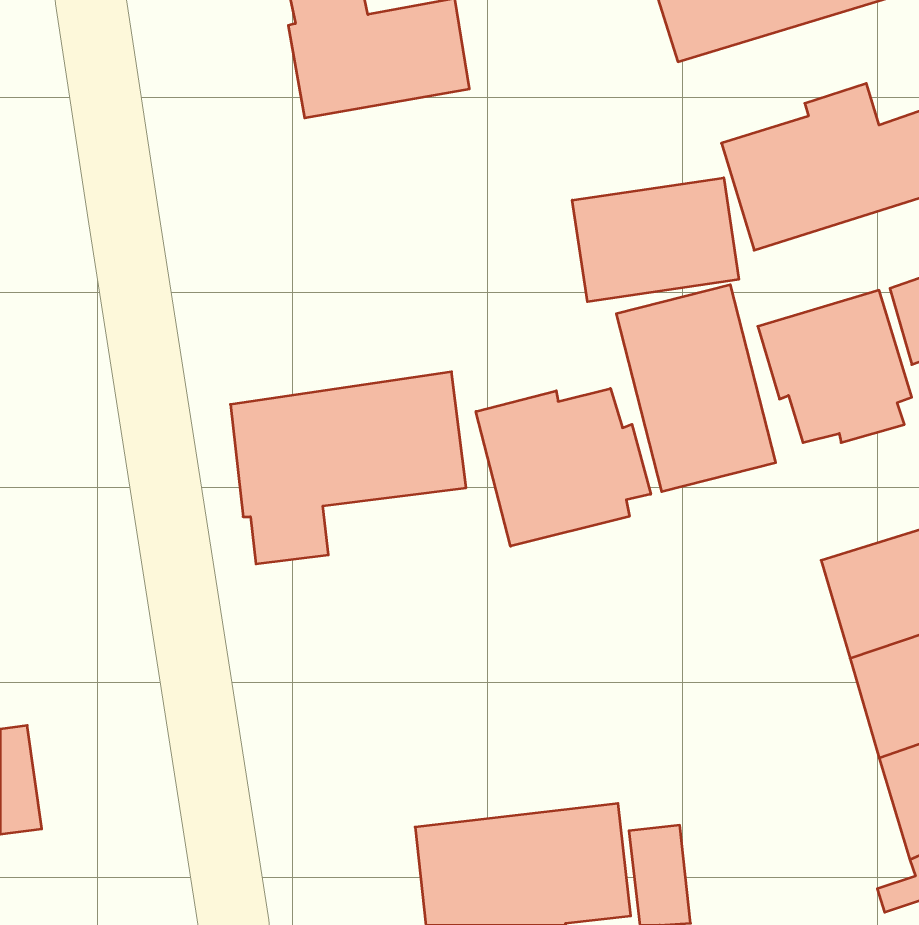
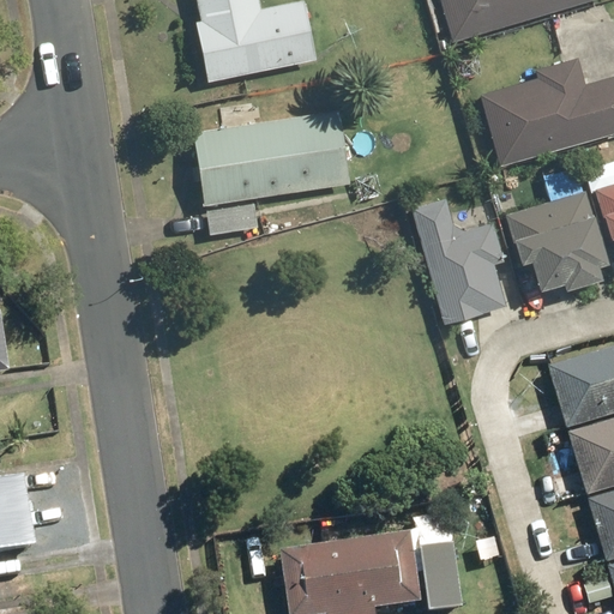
building: [572,178,739,302] -> none
building: [230,372,466,564] -> [195,109,351,236]
building: [476,388,651,546] -> none

